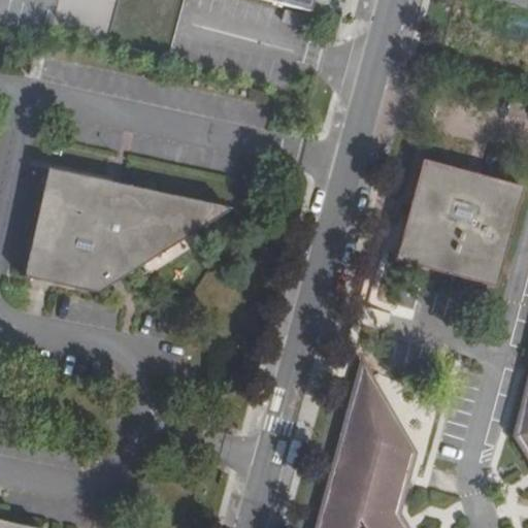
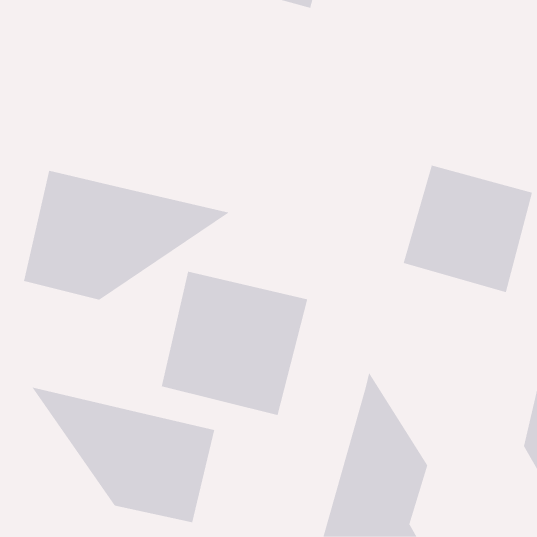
building: none -> [161,271,308,416]
building: none -> [31,387,215,523]

